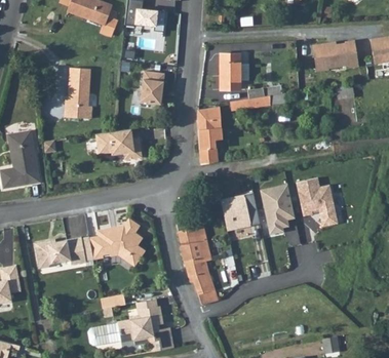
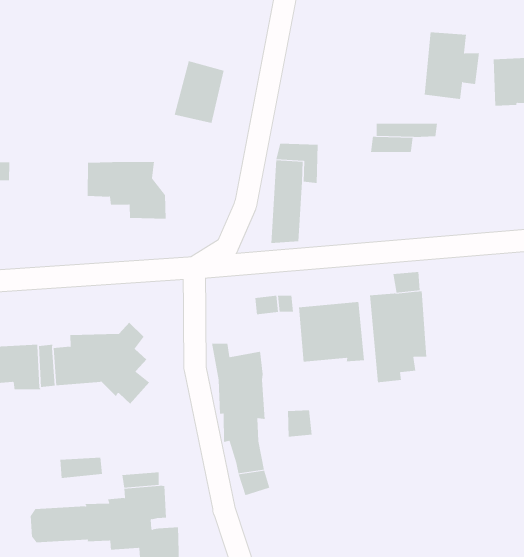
building: [220,53,248,89] -> [424,32,480,99]
building: [65,68,94,117] -> none
building: [295,176,337,228] -> none

